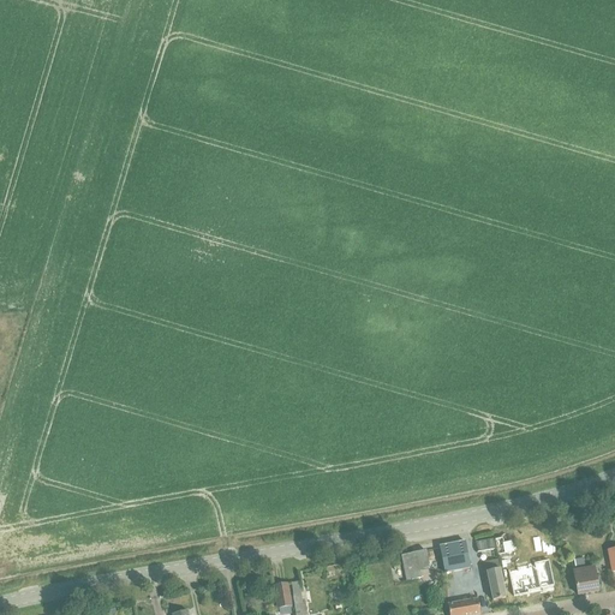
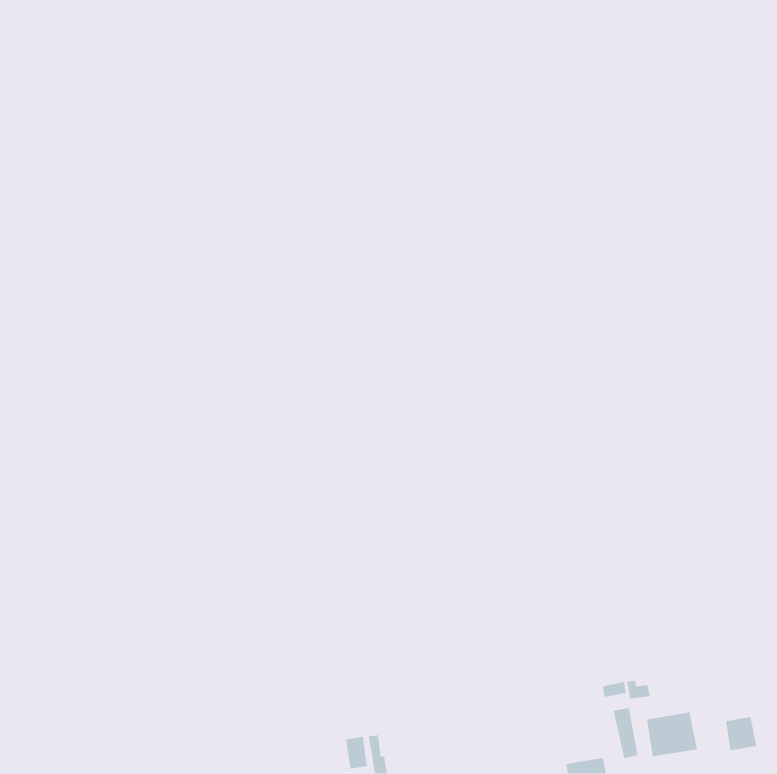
building: [438,539,470,572] -> none
building: [401,549,428,579] -> none

